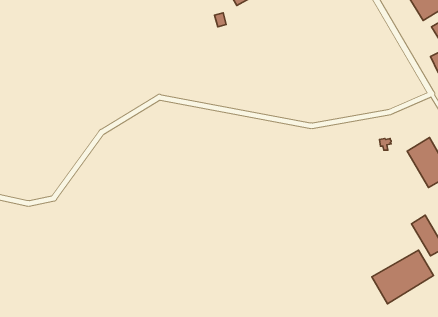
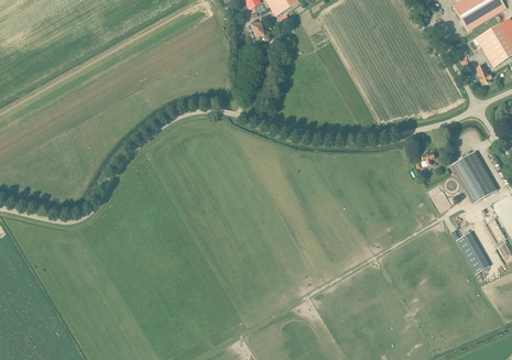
building: [372,250,434,304] -> none

